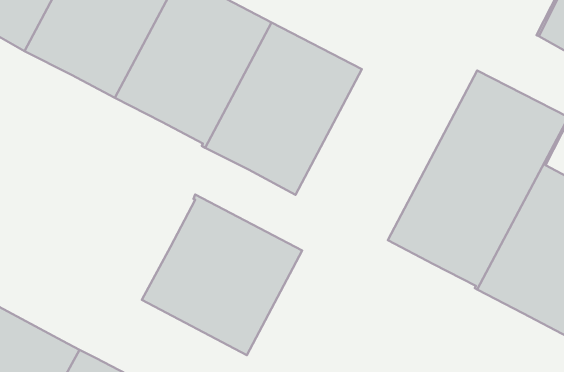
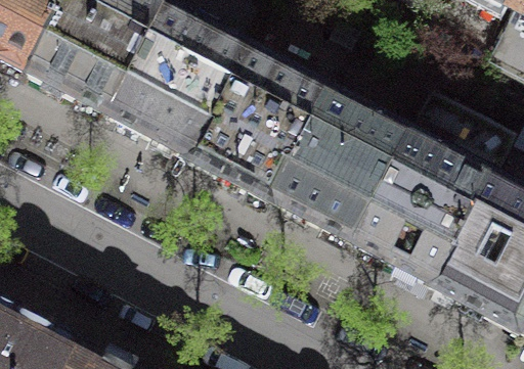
building: none -> [270,90,433,243]
building: [142,194,302,355] -> none

